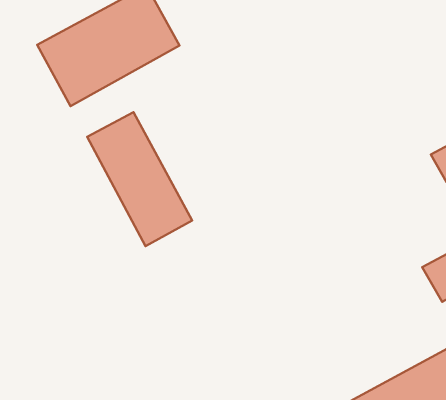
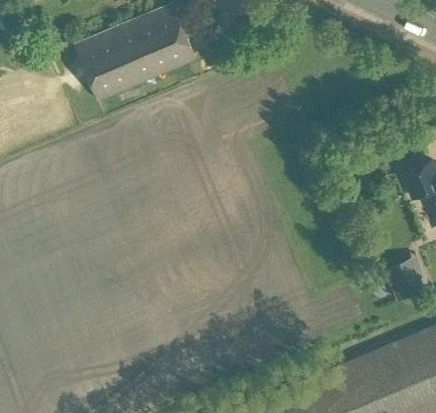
building: [87,112,192,246] -> none

